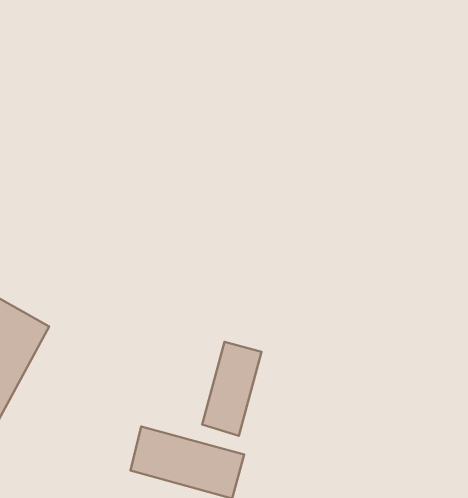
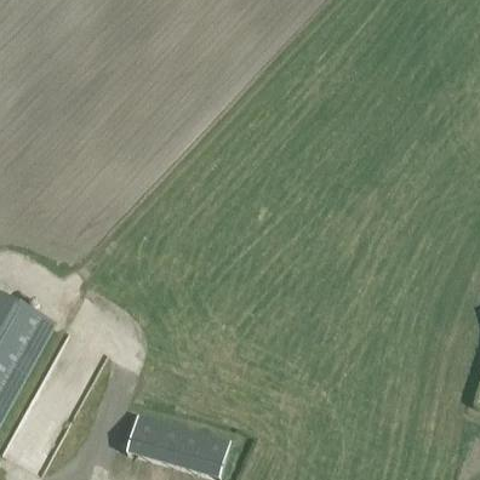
building: [202,342,262,436] -> none

